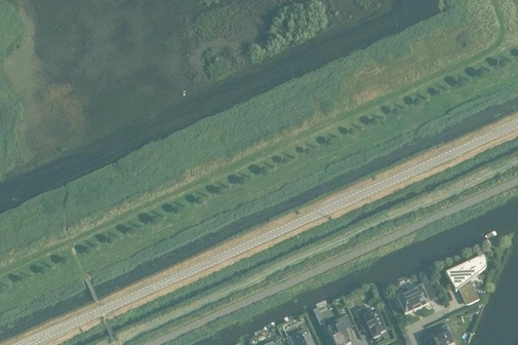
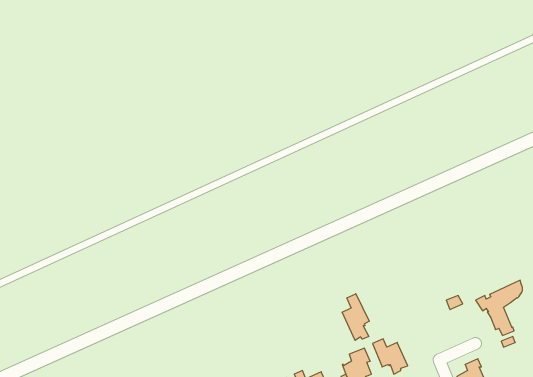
building: none -> [342,294,369,340]
building: [397,278,432,312] -> none

